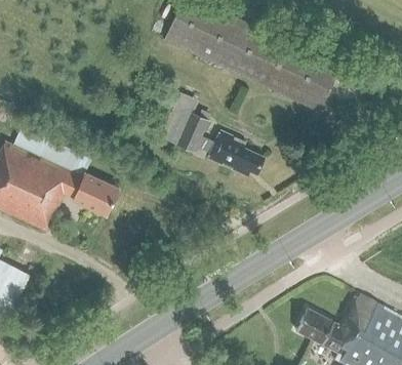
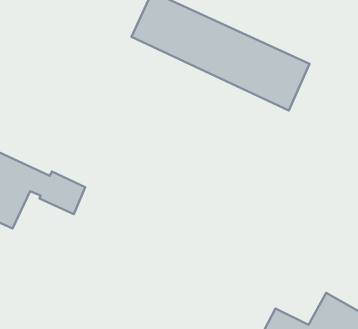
building: [162,109,207,152] -> none
building: [207,131,263,175] -> none

